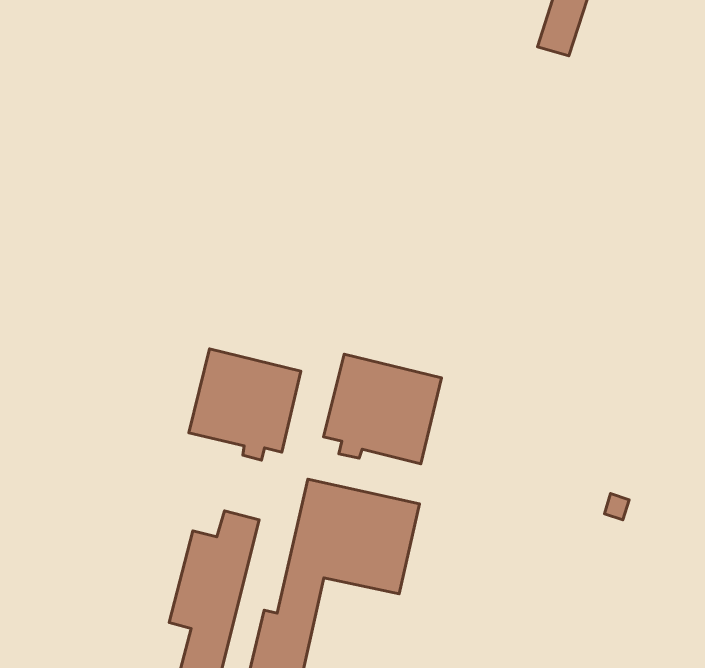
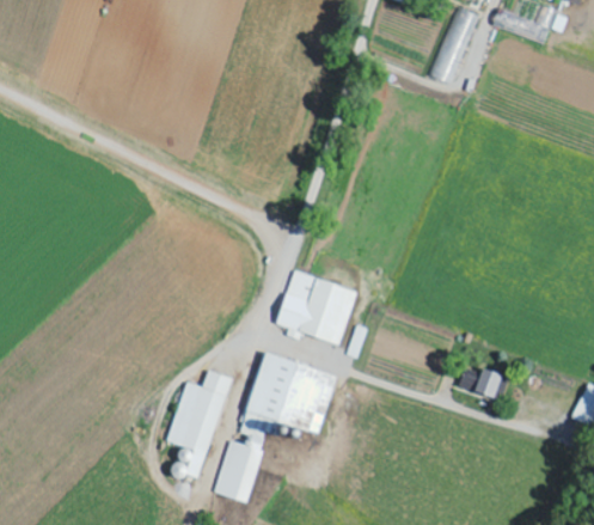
building: [189,349,301,460] -> none
building: none -> [476,367,508,399]

